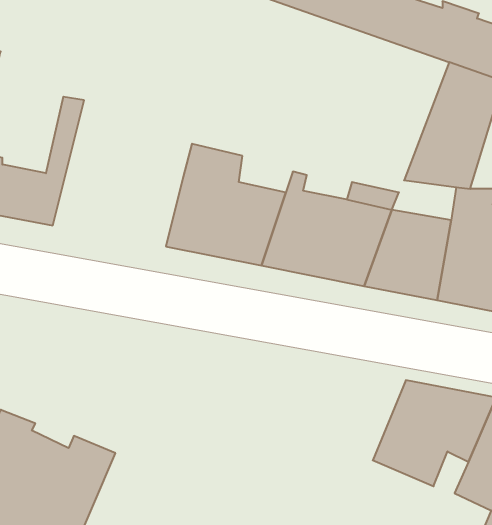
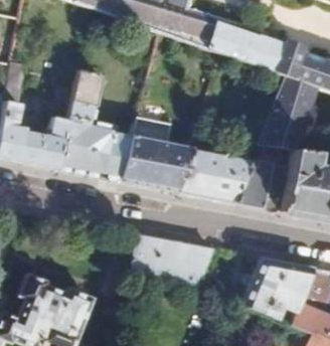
building: none -> [56,72,132,179]
building: none -> [129,233,215,285]

